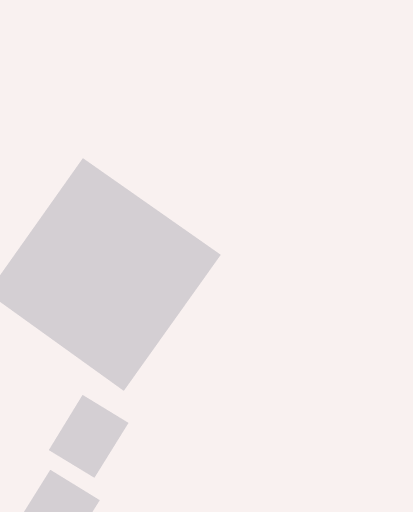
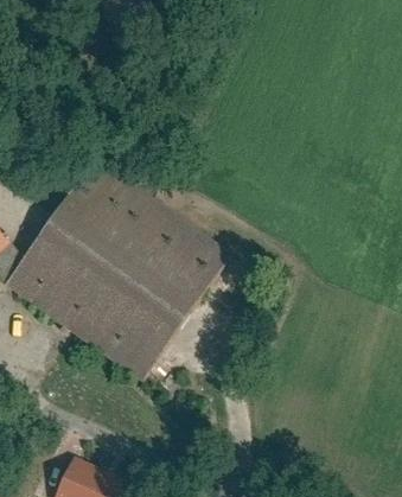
building: [48,394,129,479] -> none

